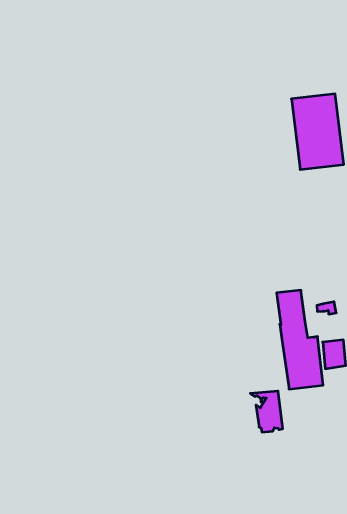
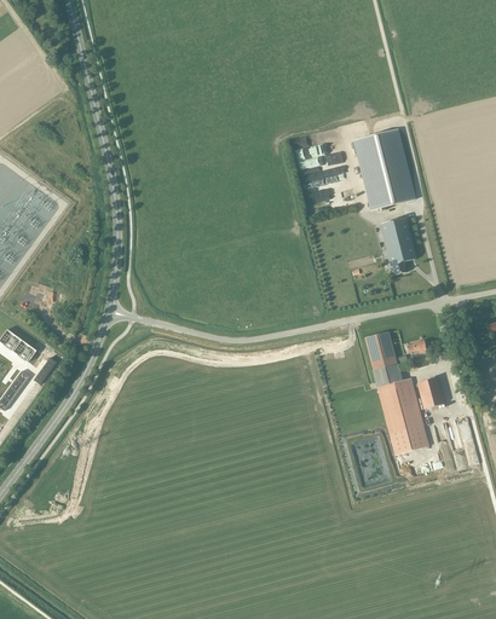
building: none -> [381,216,417,273]
building: none -> [391,426,431,453]

